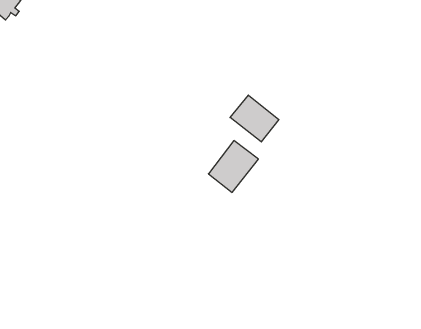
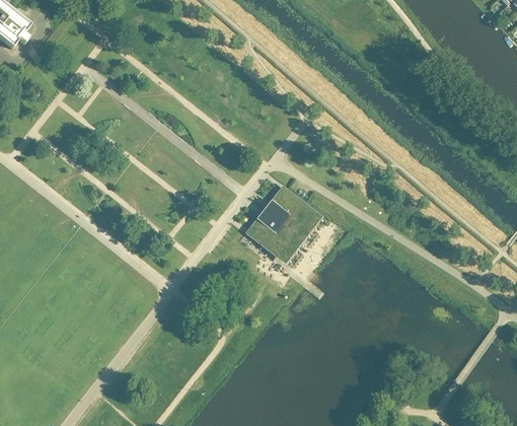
building: [230,95,279,142] -> none

